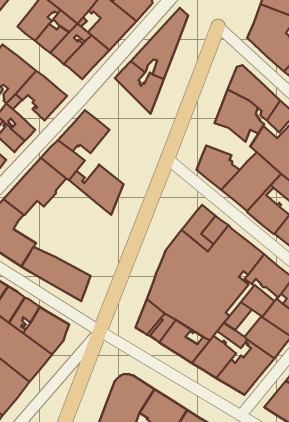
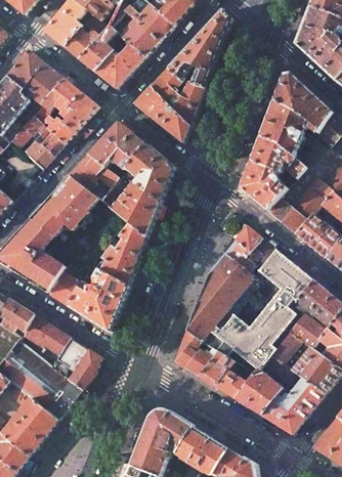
building: none -> [134,87,189,142]
building: none -> [44,115,74,143]
building: none -> [250,136,305,178]
building: none -> [122,143,174,203]
building: none -> [86,222,146,303]

